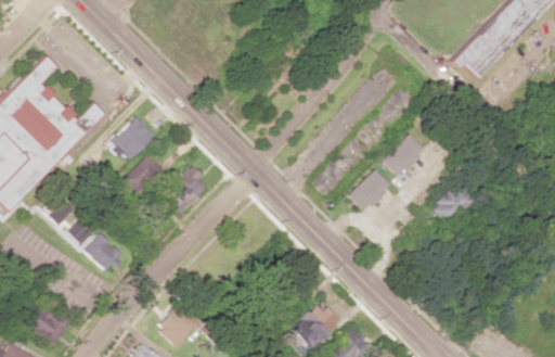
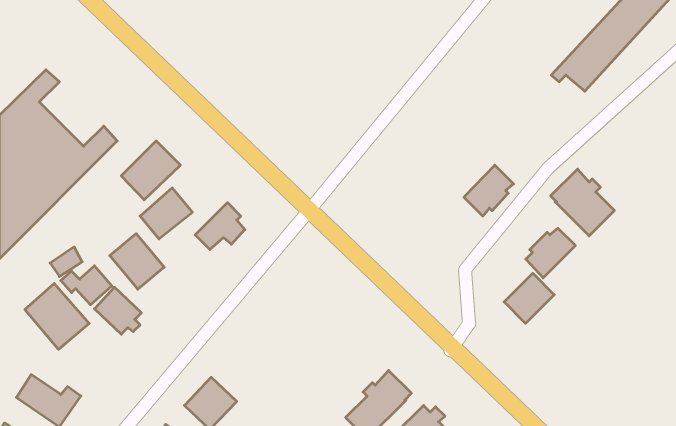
building: none -> [551,169,614,236]
building: [347,170,388,212] -> none
building: none -> [110,234,164,289]
building: none -> [504,273,554,323]
building: none -> [25,283,89,349]

